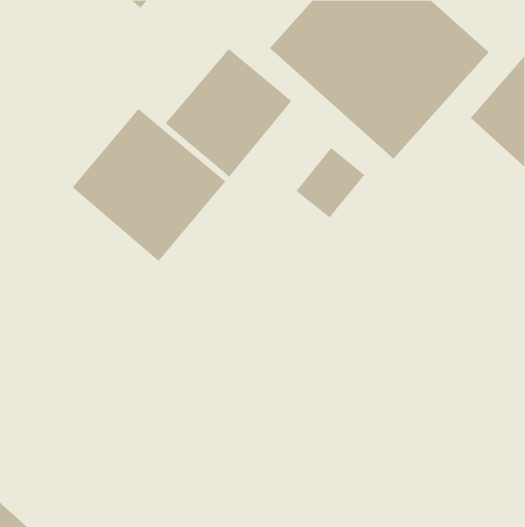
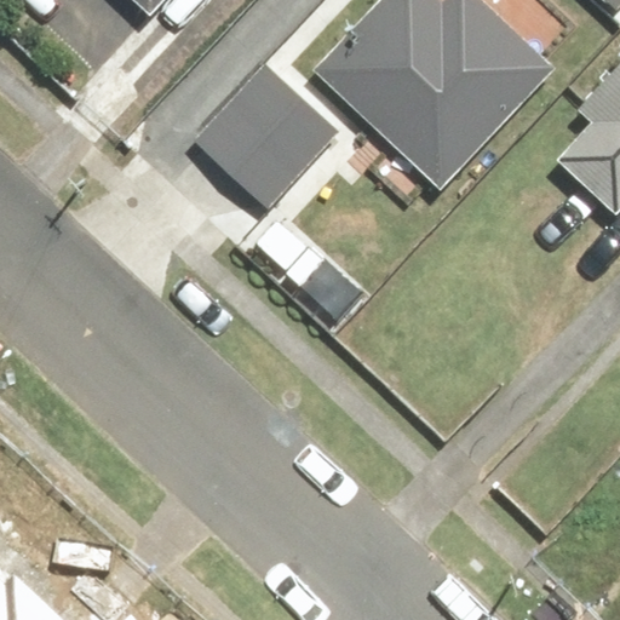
building: [72,108,226,262] -> none

